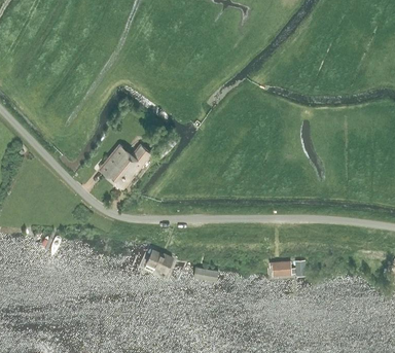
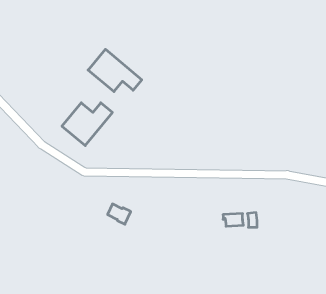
building: none -> [88,49,142,92]

